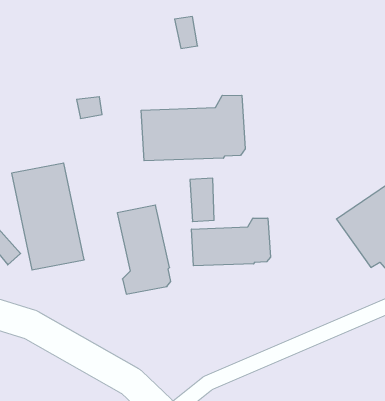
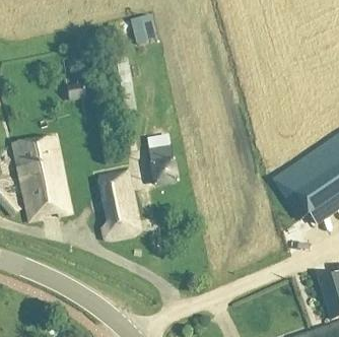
building: [141,95,245,161] -> none
building: [192,218,270,266] -> none

